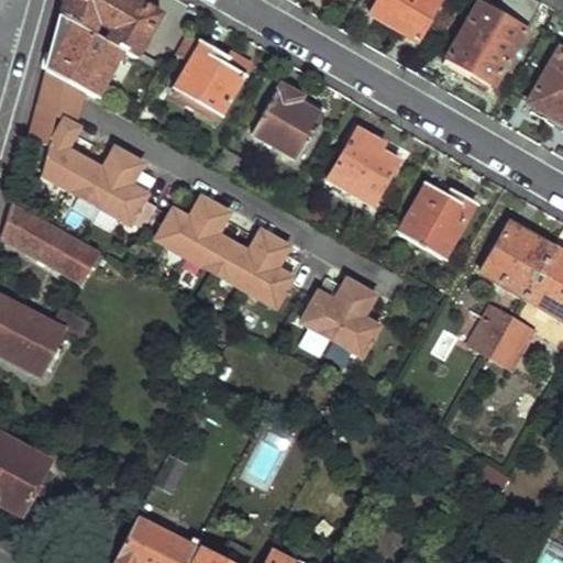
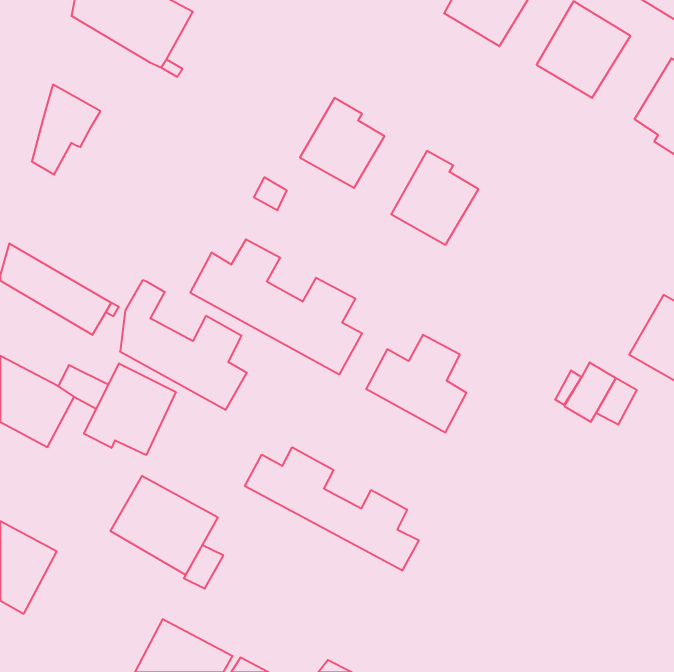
building: [45,13,125,98] -> none
building: [175,38,242,111] -> none
building: [46,121,152,229] -> [120,280,247,410]
building: [398,179,473,255] -> none
building: [482,220,553,295] -> none
building: none -> [84,363,176,455]
building: none -> [245,447,419,571]
building: none -> [111,476,218,575]

